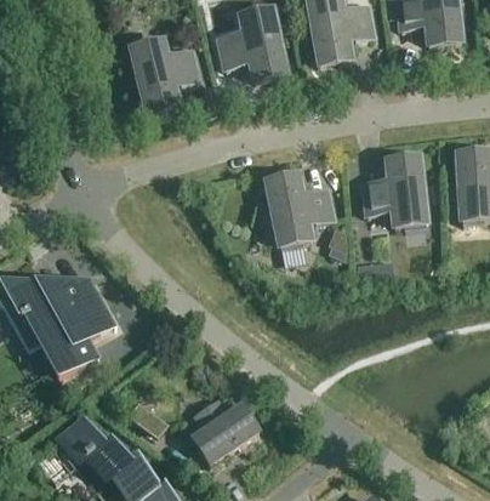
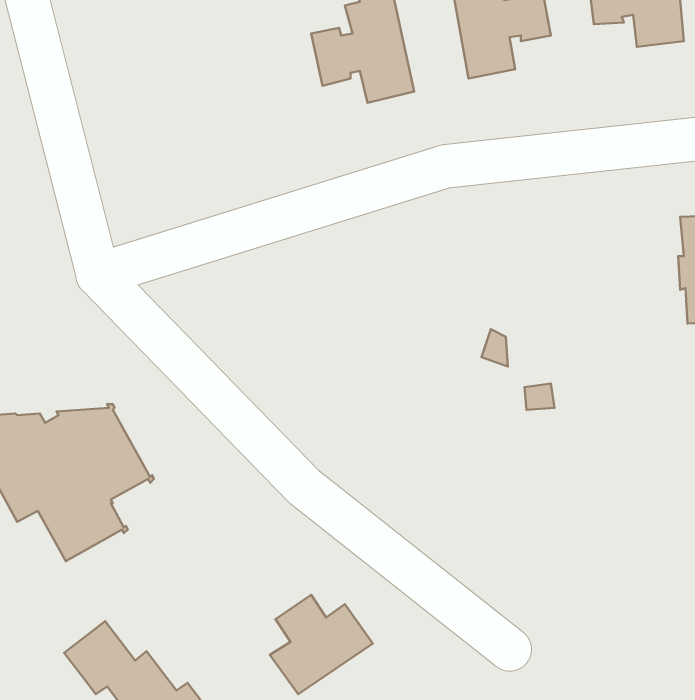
building: [131,39,199,110] -> none
building: [364,156,427,227] -> none
building: [267,175,334,247] -> none
building: [127,399,169,438] -> none

